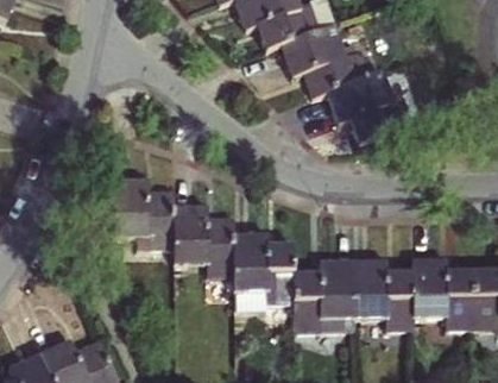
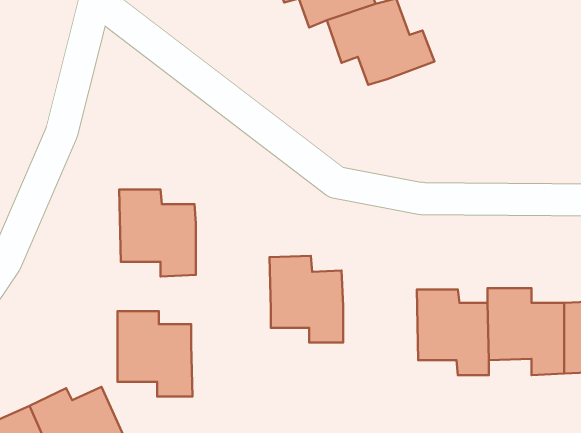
building: [328,71,411,144] -> none
building: [174,207,234,276] -> [117,311,193,396]
building: [292,260,353,331] -> none

